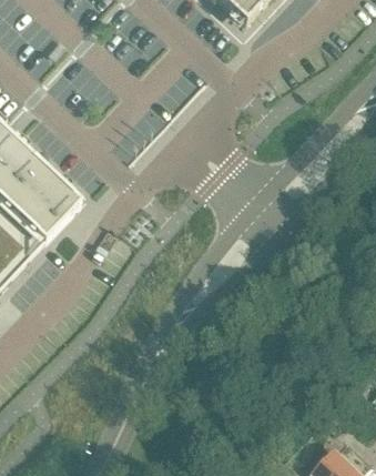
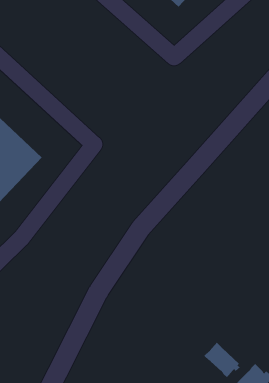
building: none -> [203,342,241,378]

